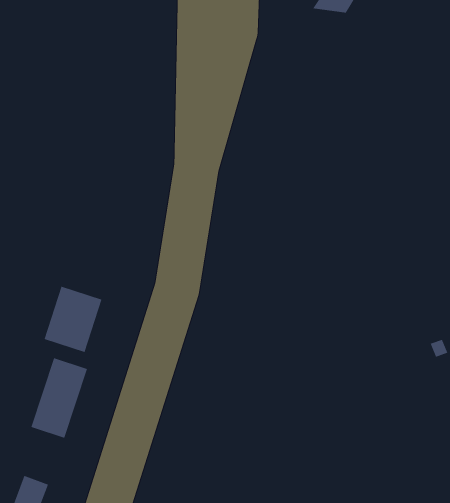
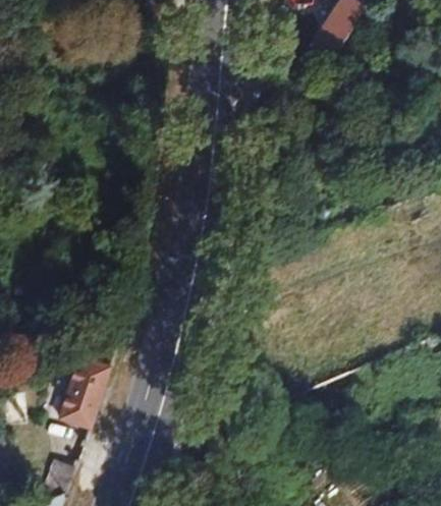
building: [44,286,102,353] -> none

